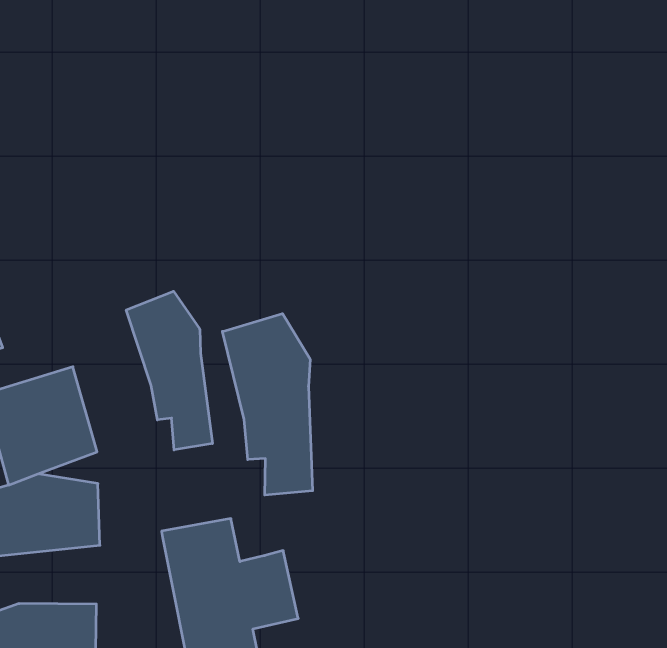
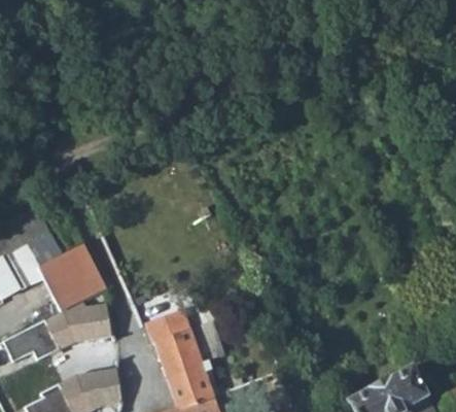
building: [126,291,212,450] -> none
building: [222,314,313,495] -> none

